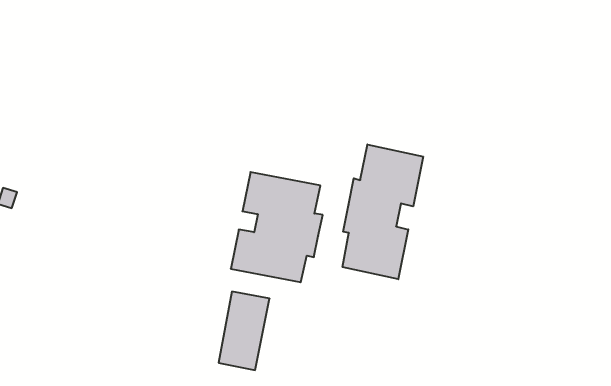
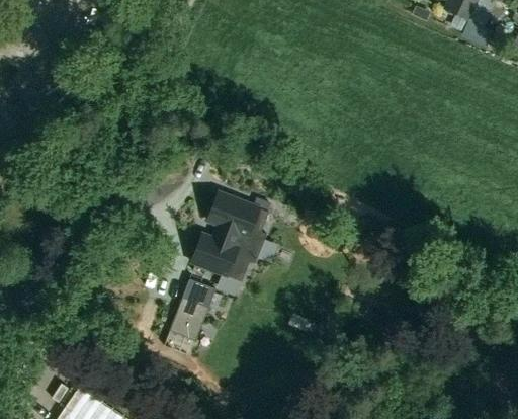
building: [343,144,423,279] -> none

